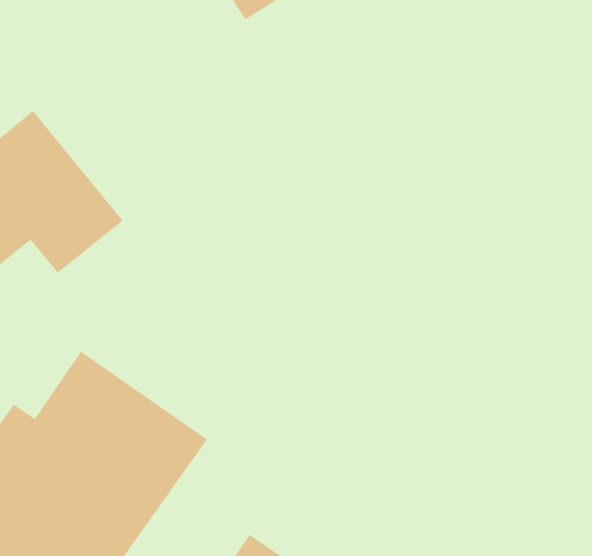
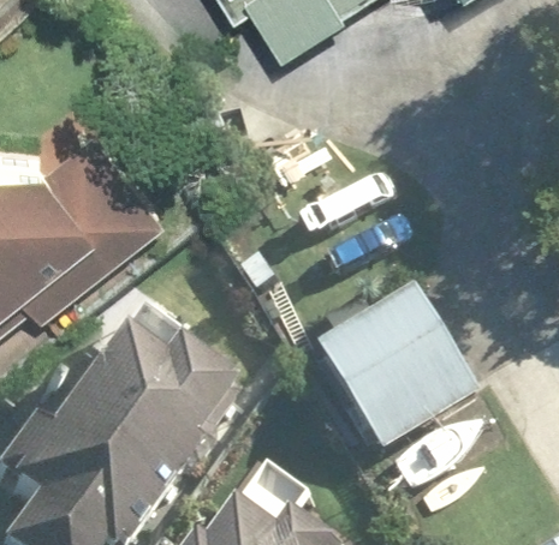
building: none -> [313,286,481,460]

